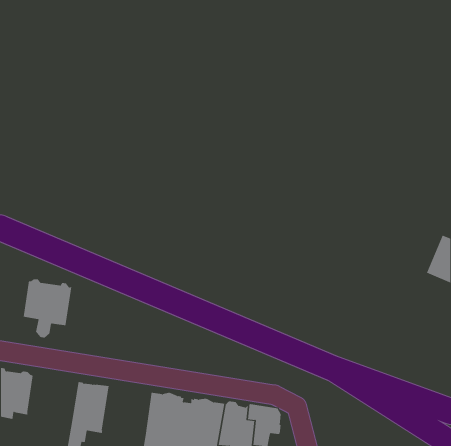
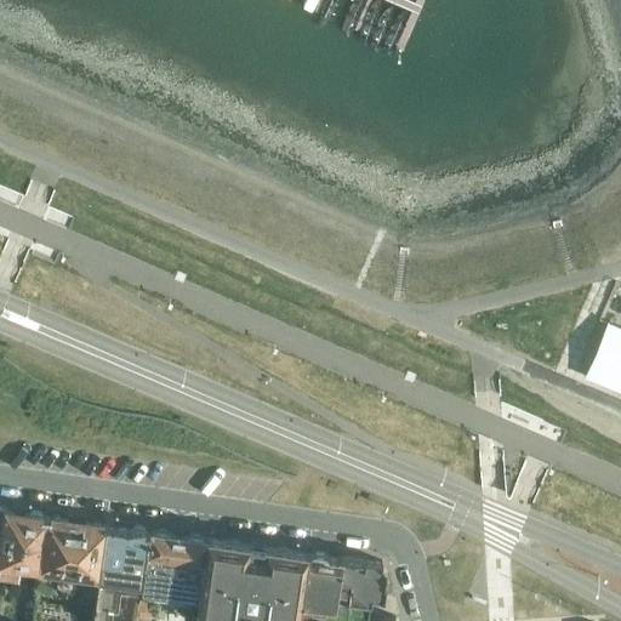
building: [23,279,72,338] -> [39,520,107,602]
building: none -> [141,536,207,605]

